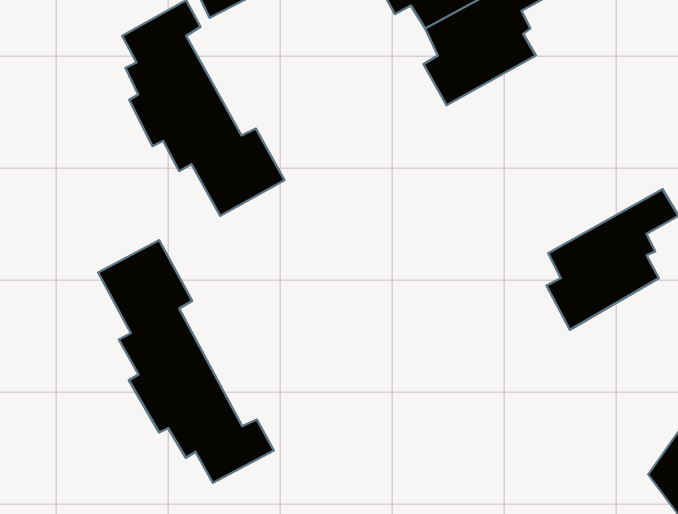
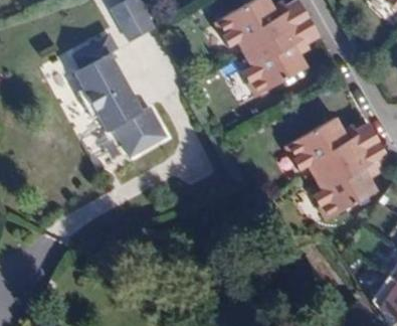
building: none -> [284,115,379,176]
building: [98,240,274,483] -> none

